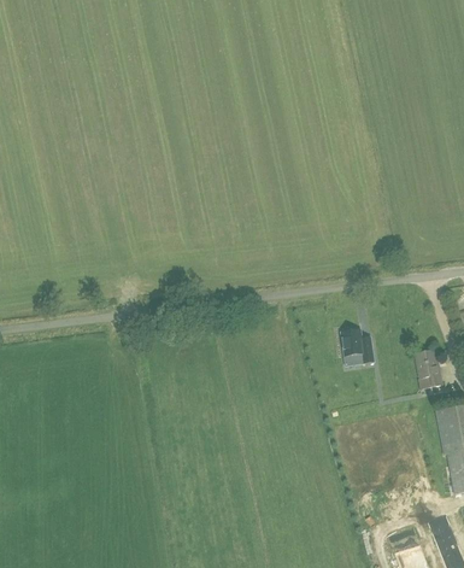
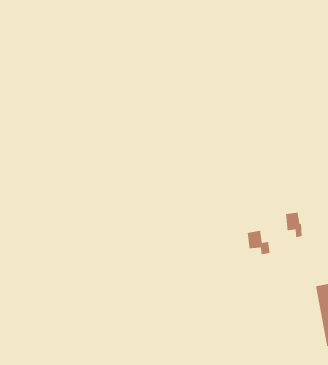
building: [415,353,439,390] -> [285,212,303,238]

